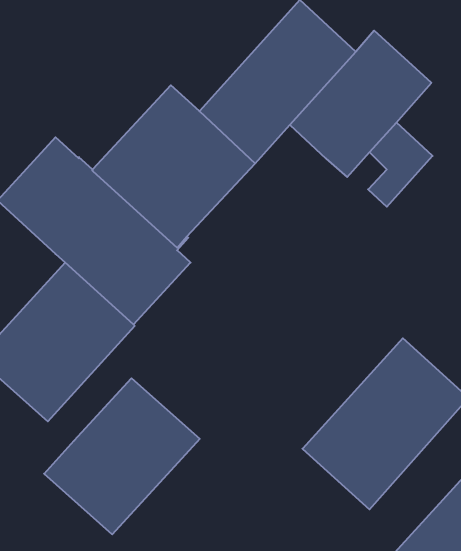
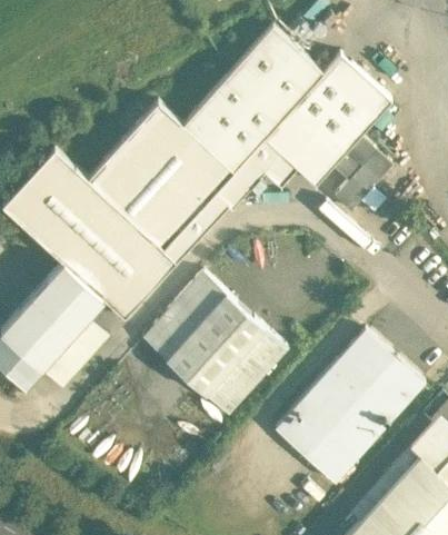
building: none -> [162,138,296,261]
building: none -> [142,271,288,415]
building: [44,378,200,534] -> none

